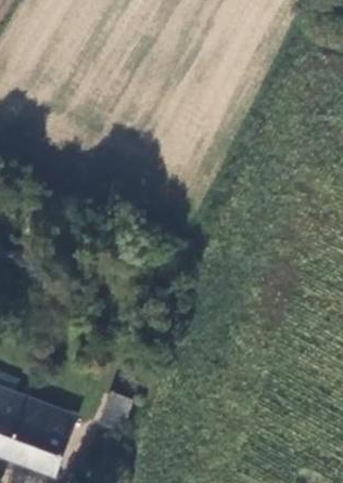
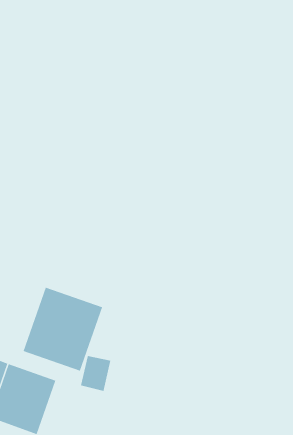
building: none -> [23,287,103,371]

